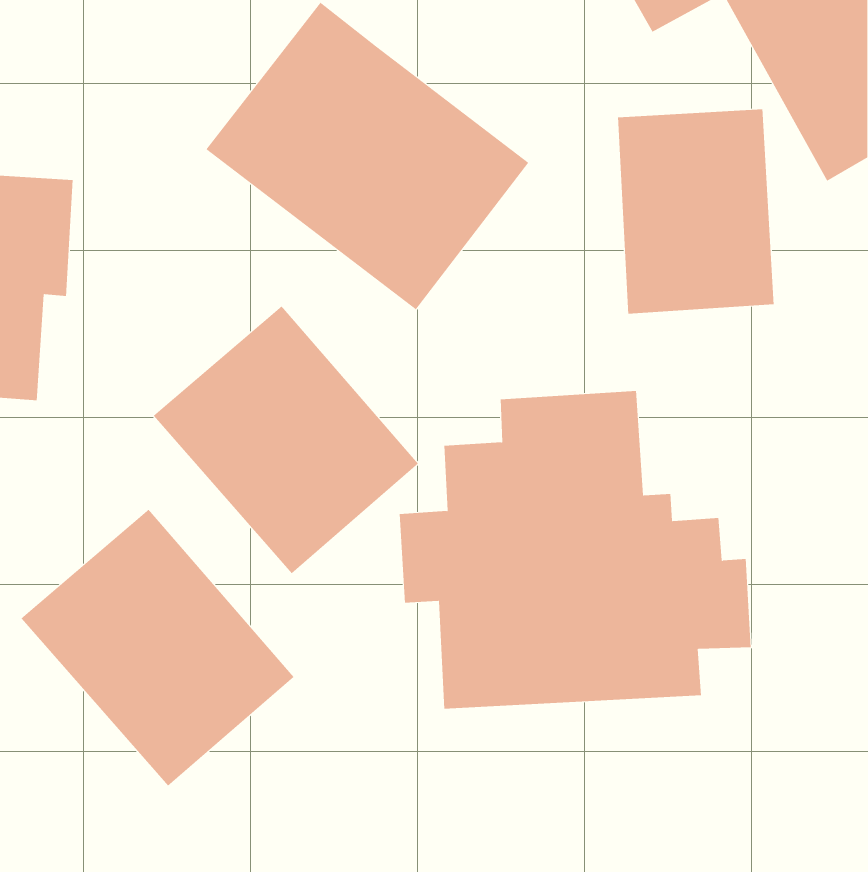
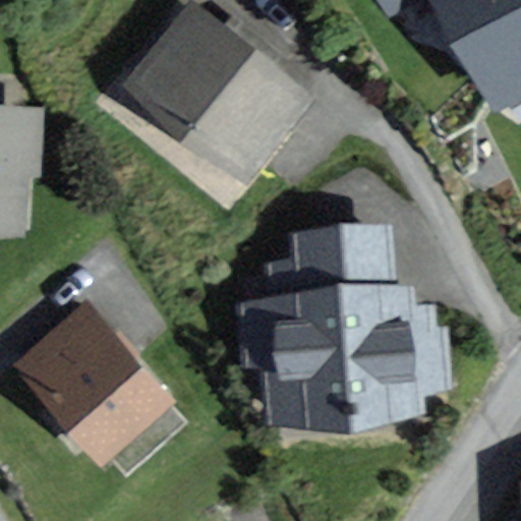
building: [617,108,774,315] -> none
building: [153,306,419,574] -> none

